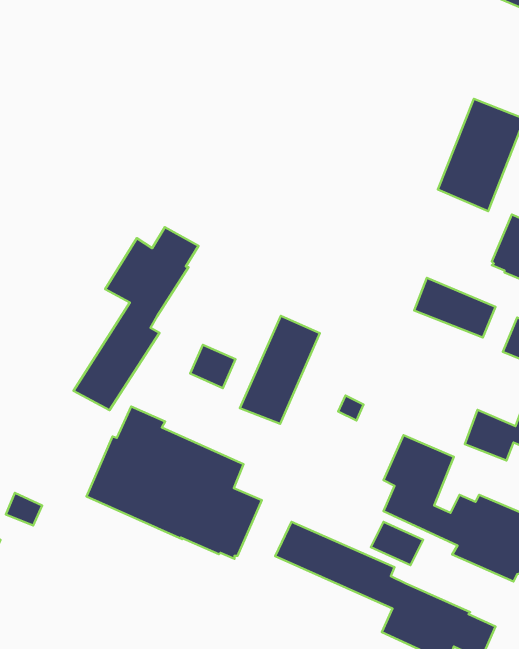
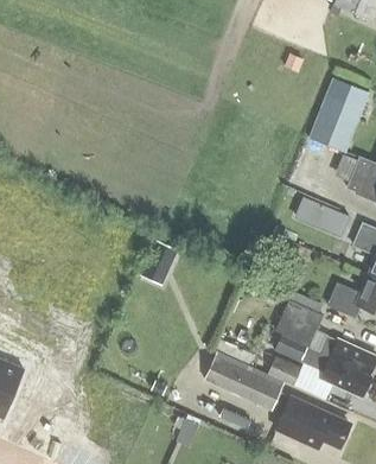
building: [73,227,198,410] -> none
building: [240,316,320,424] -> none
building: [87,406,262,559] -> none

